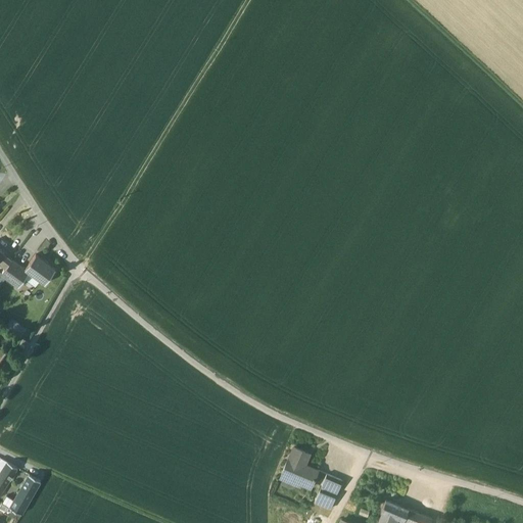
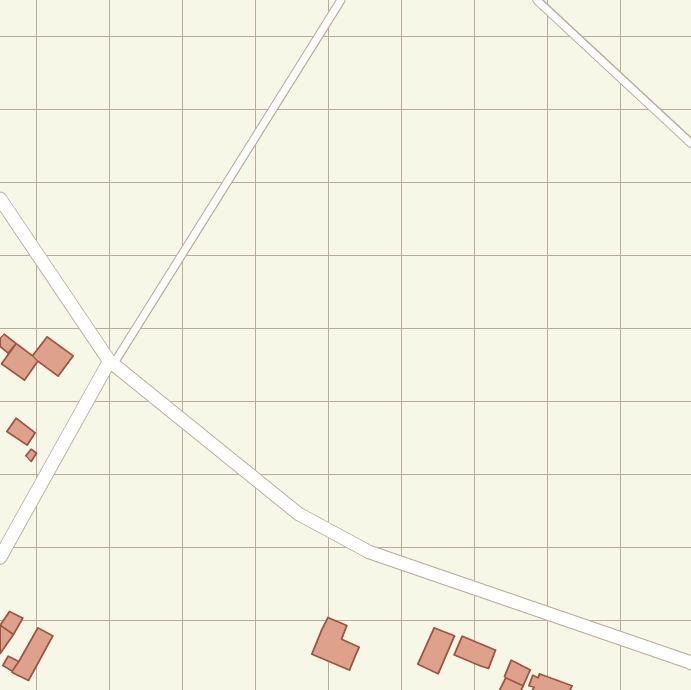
building: [282,448,318,488] -> [312,618,359,670]
building: none -> [454,636,495,668]

